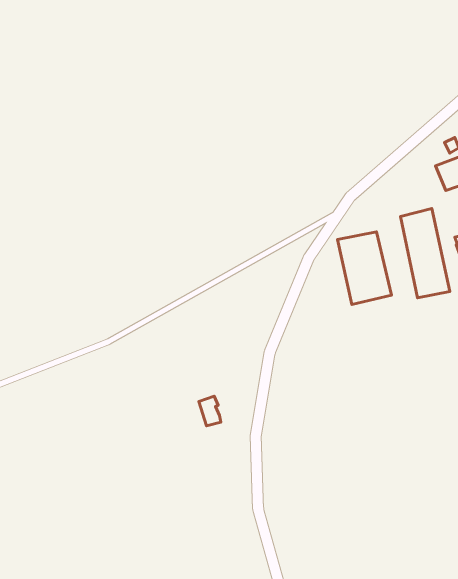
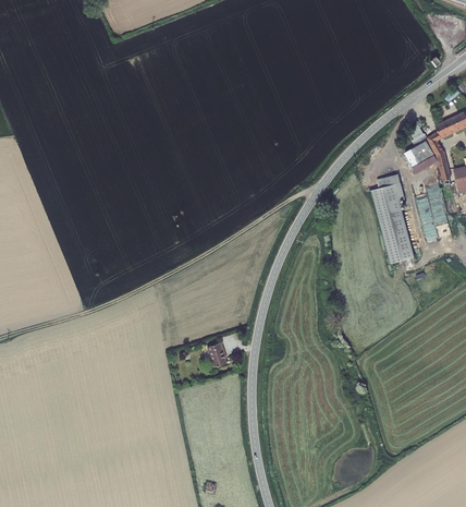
building: [337,232,392,304] -> none

